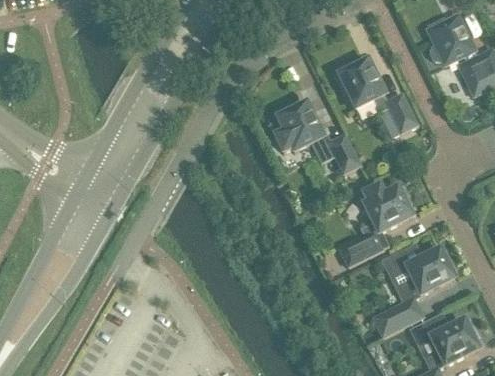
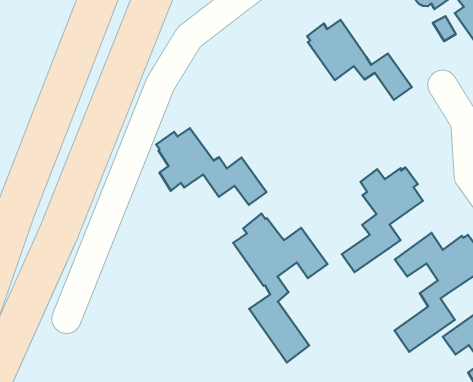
building: [276,103,360,172] -> [156,128,267,205]
building: none -> [233,214,327,362]

